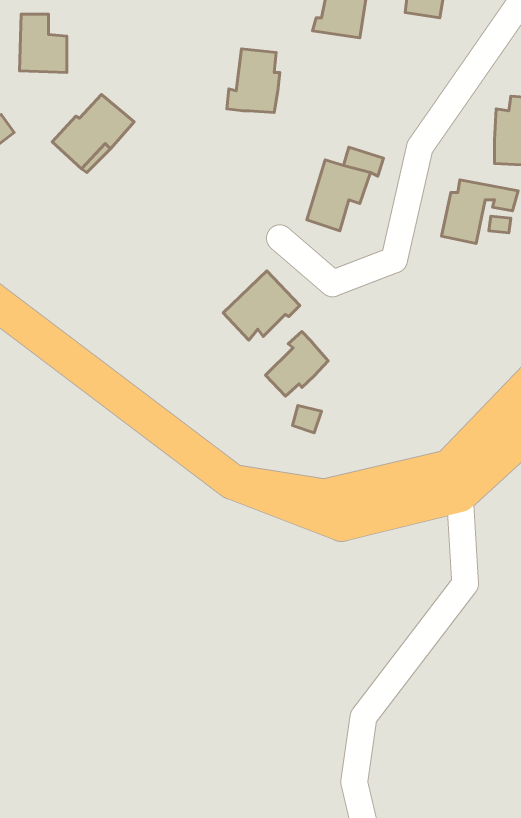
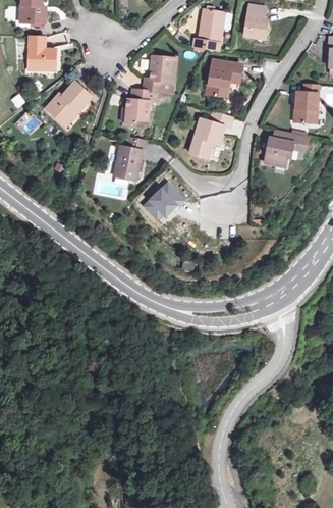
building: none -> [209,60,242,97]
building: none -> [125,89,154,124]
building: none -> [114,146,142,181]
building: [265,331,328,396] -> none

